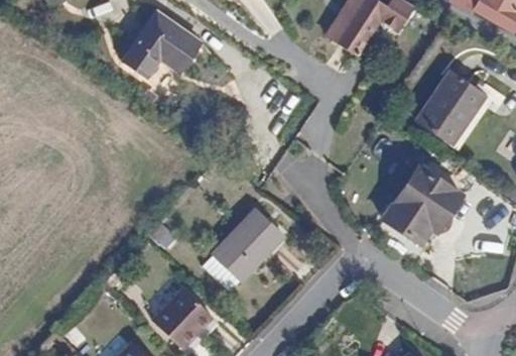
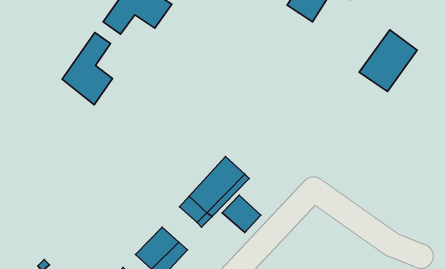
building: none -> [62,33,113,105]
building: [380,164,460,247] -> none
building: none -> [222,195,261,232]

